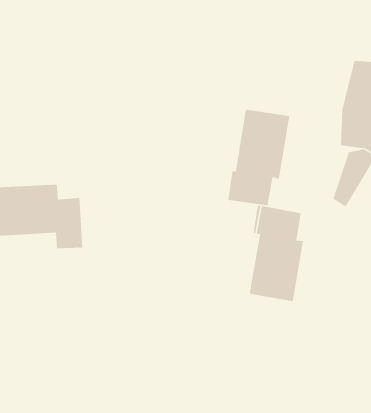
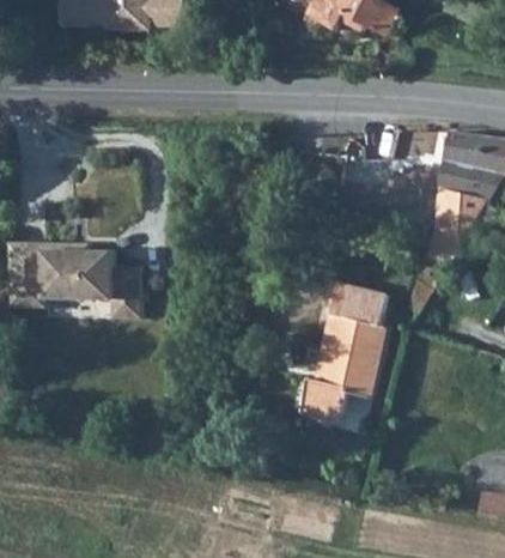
building: [228,109,290,206] -> none
building: none -> [300,382,367,419]

